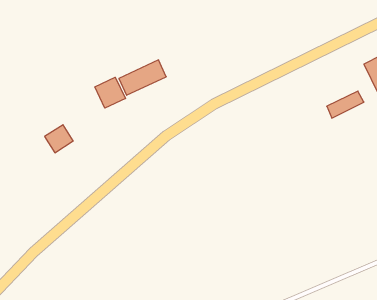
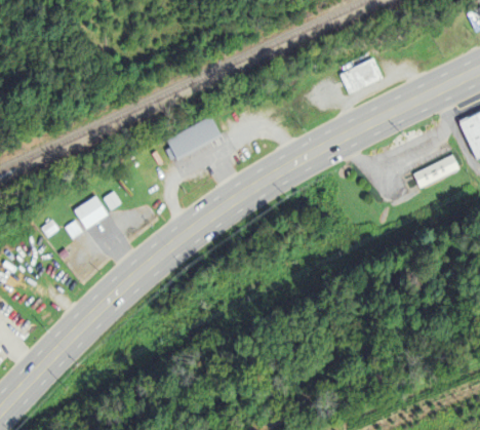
building: none -> [338,58,383,94]
building: [95,77,125,108] -> none

